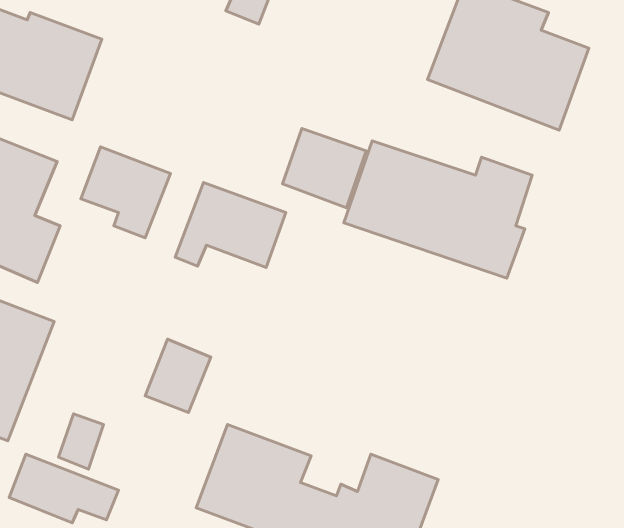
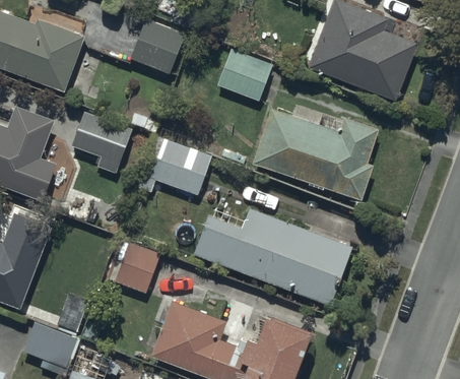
building: none -> [129,18,184,72]
building: [282,129,366,208] -> [215,47,272,101]
building: none -> [192,206,352,306]

